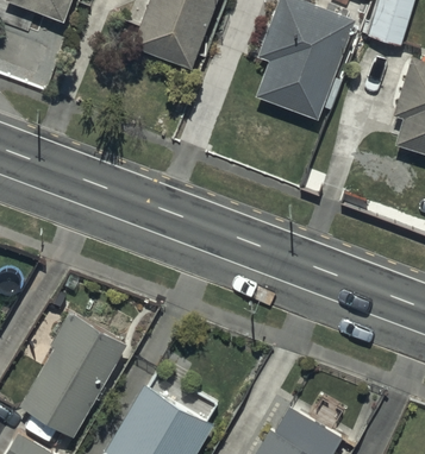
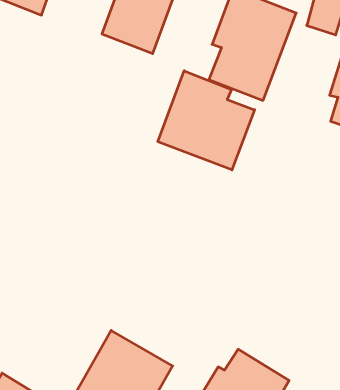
building: none -> [158,71,255,170]
building: [21,314,127,439] -> none

